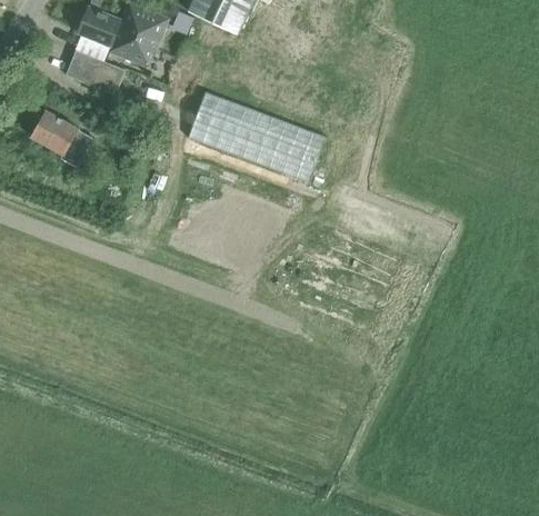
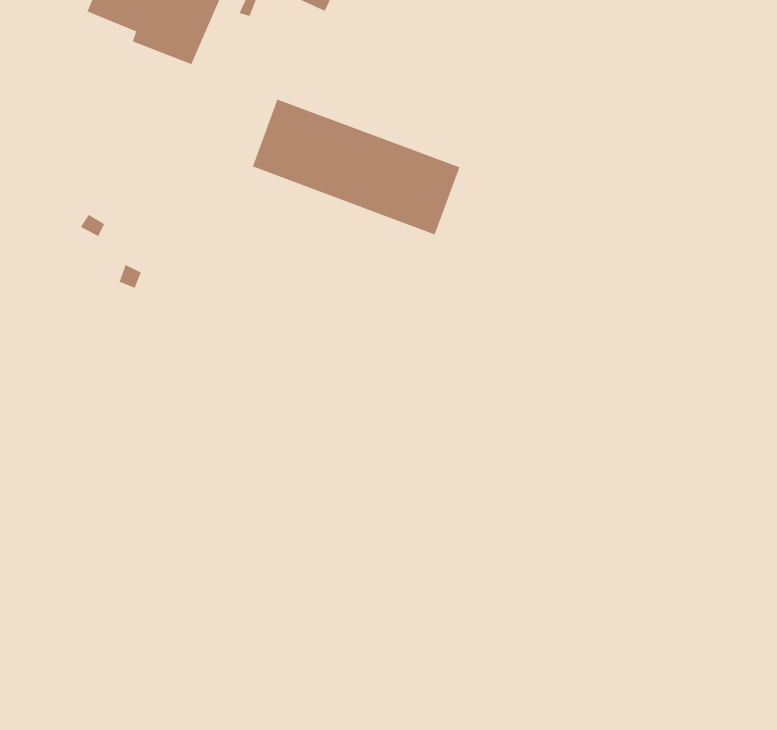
building: [64,50,124,95] -> none
building: [30,110,92,167] -> none

